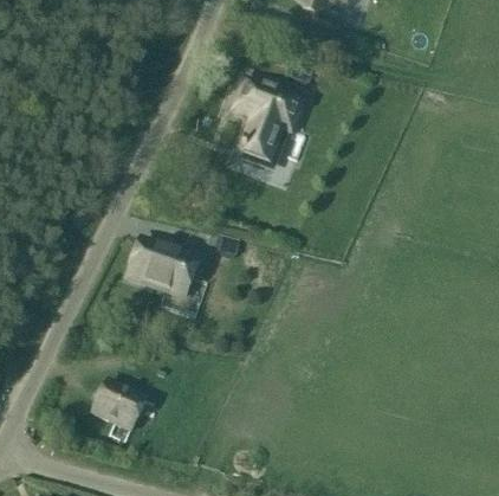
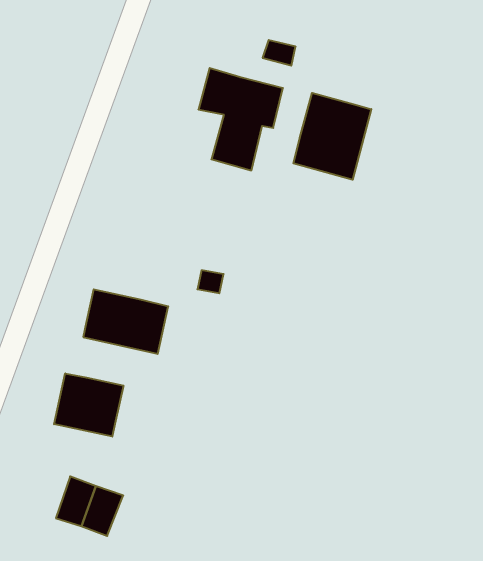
building: none -> [293,93,371,180]
building: none -> [54,373,123,437]

